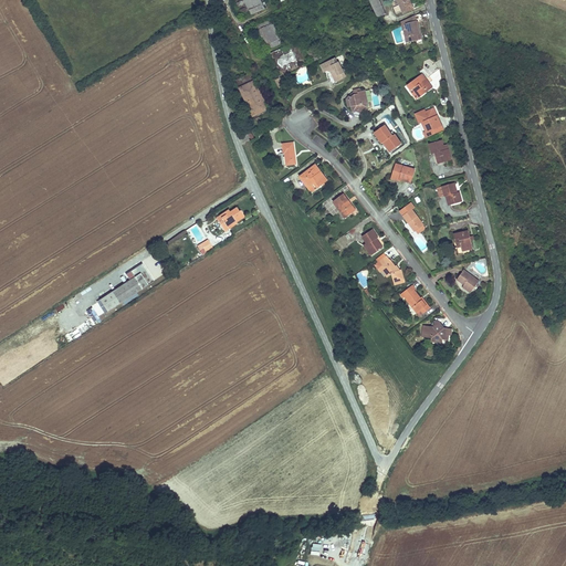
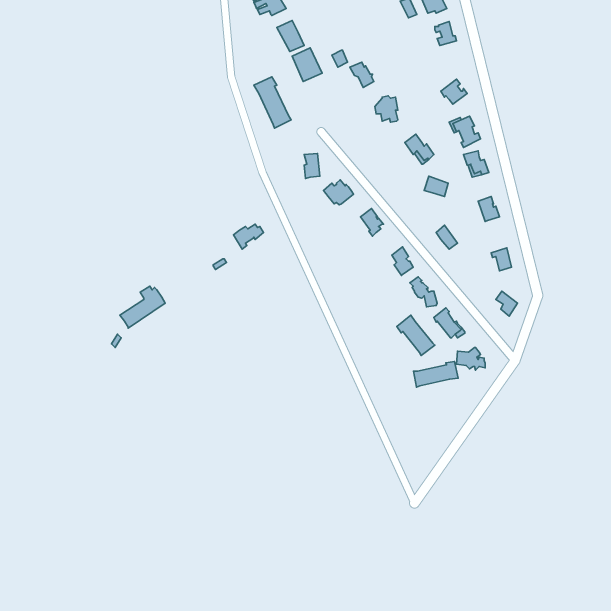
building: none -> [397,315,435,356]
building: none -> [414,362,458,387]

